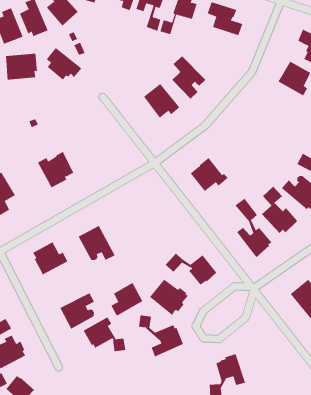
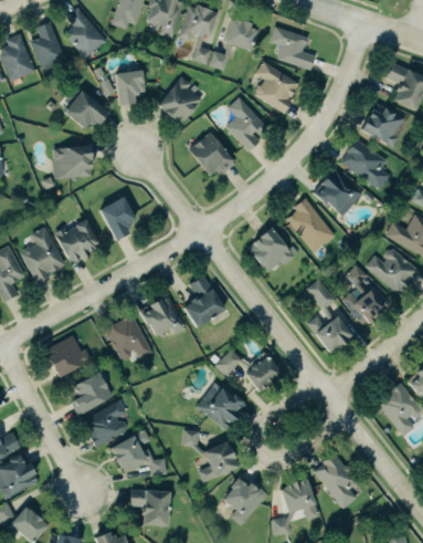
building: none -> [254,62,298,113]
building: none -> [115,70,145,105]
building: none -> [157,76,201,125]
building: [5,53,38,80] -> [51,145,93,179]
building: none -> [340,138,389,190]
building: none -> [313,169,361,216]
building: none -> [99,197,136,240]
building: none -> [286,199,335,253]
building: none -> [20,228,63,283]
building: none -> [183,275,224,327]
building: none -> [138,295,186,338]
building: [110,282,143,317] -> [70,372,112,416]
building: none -> [313,451,358,509]
building: none -> [223,478,267,525]
building: none -> [128,489,171,526]

